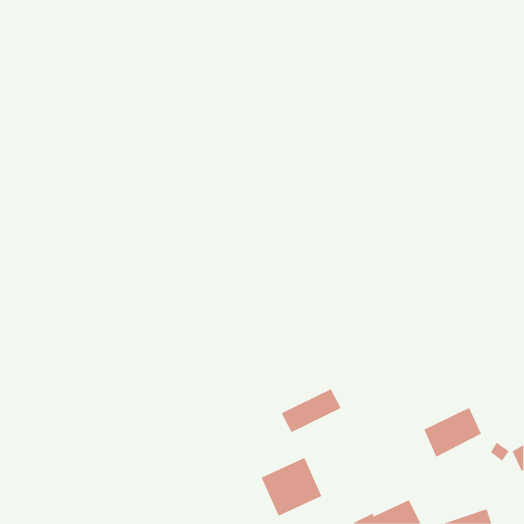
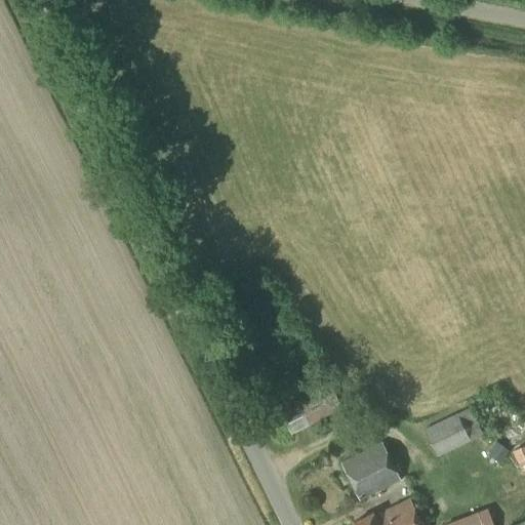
building: [261,457,322,517] -> [339,442,401,501]

